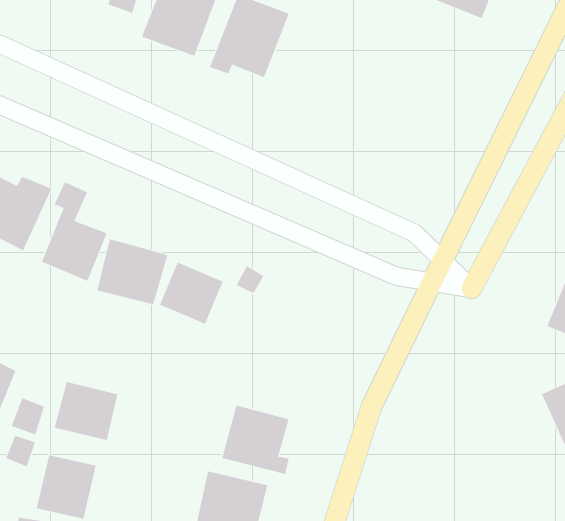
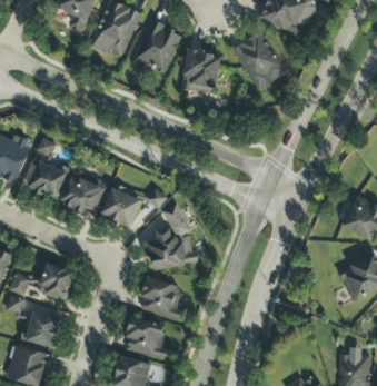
building: none -> [232,31,288,90]
building: none -> [181,48,220,93]
building: none -> [148,202,199,270]

